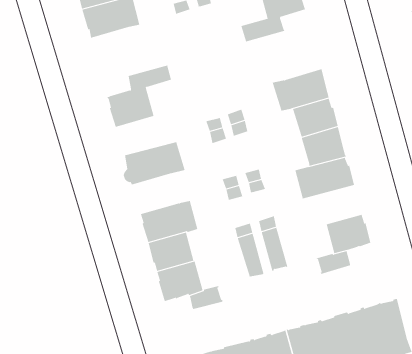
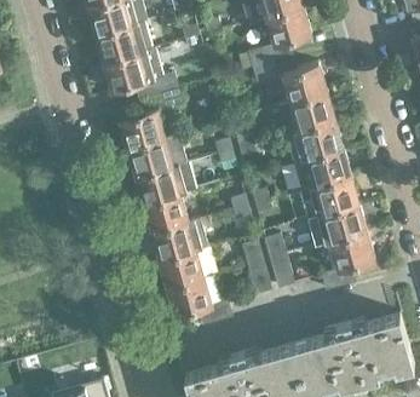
building: none -> [103,51,178,98]
building: none -> [253,54,327,102]
building: none -> [127,137,173,174]
building: none -> [143,192,189,231]
building: none -> [307,203,366,244]

